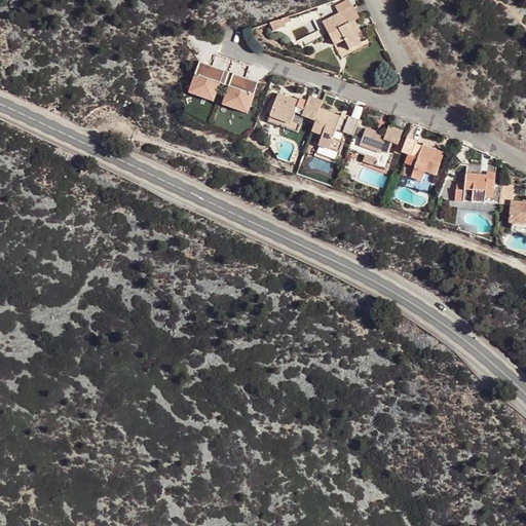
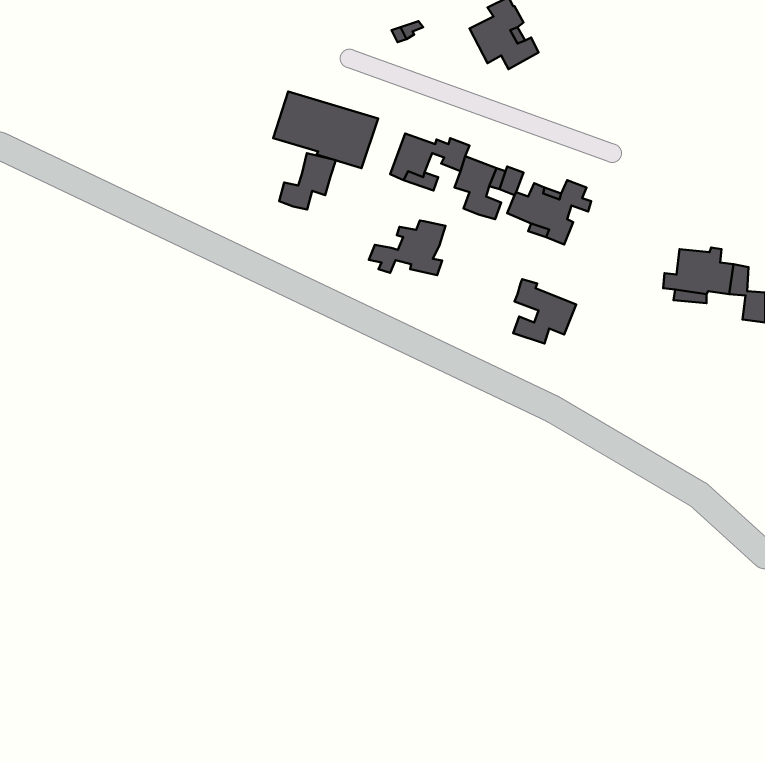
building: none -> [279,153,336,209]
building: [400,135,443,179] -> [513,279,576,344]
building: none -> [369,221,446,275]

